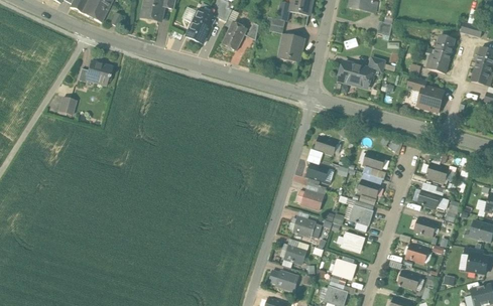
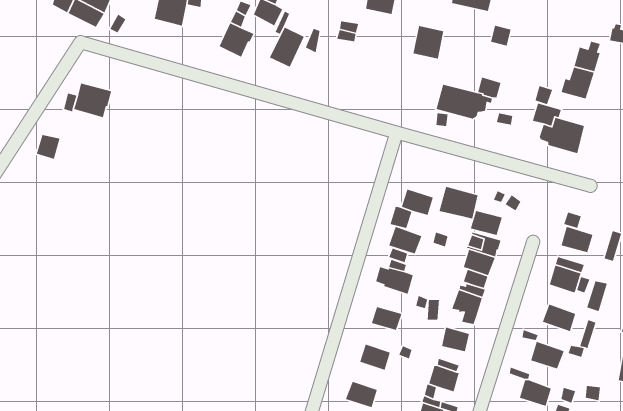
building: [280,36,302,60] -> [413,25,444,59]
building: none -> [439,186,479,219]

